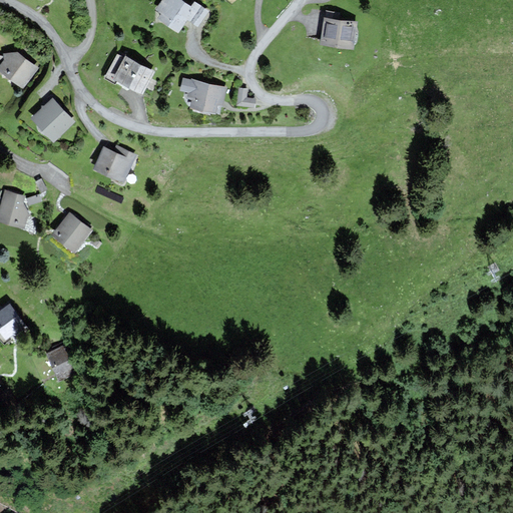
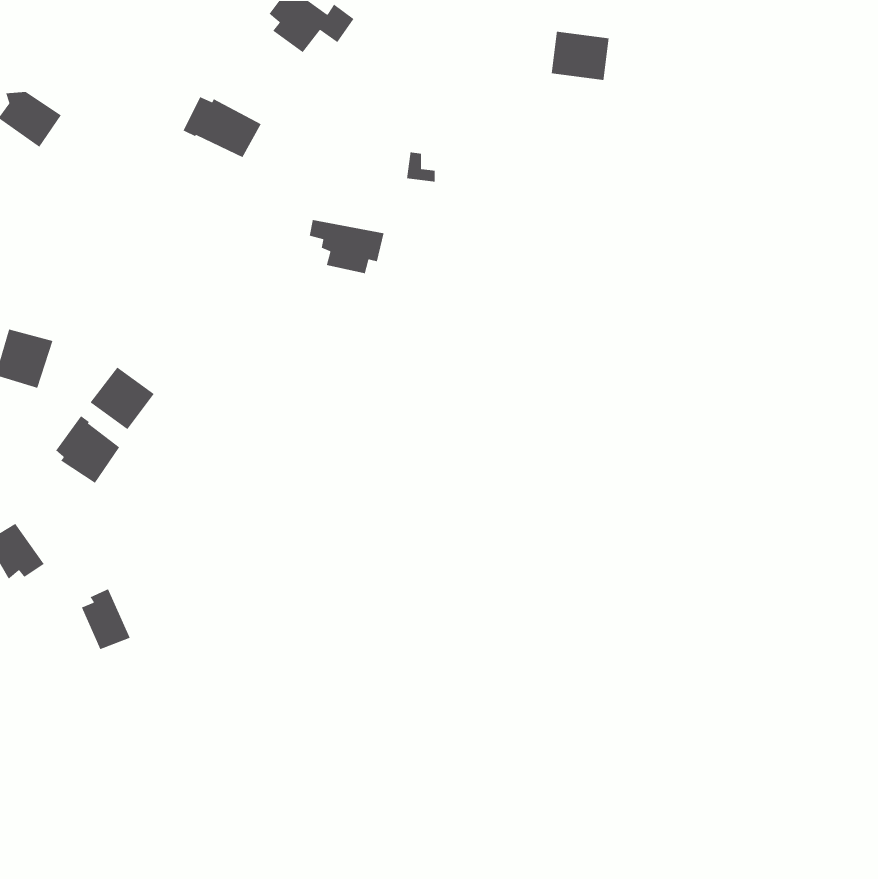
building: [180,79,224,111] -> [309,219,385,274]
building: [32,99,72,139] -> none
building: [94,146,134,180] -> none
building: none -> [55,415,120,484]

